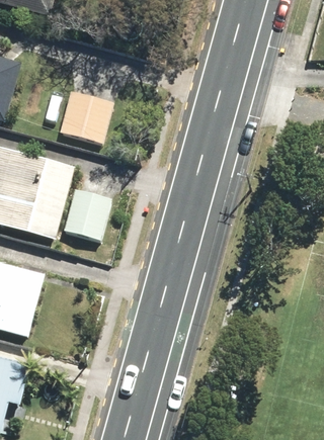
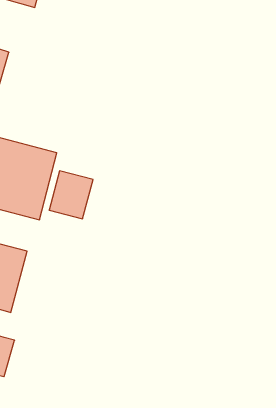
building: [59,88,114,142] -> none

